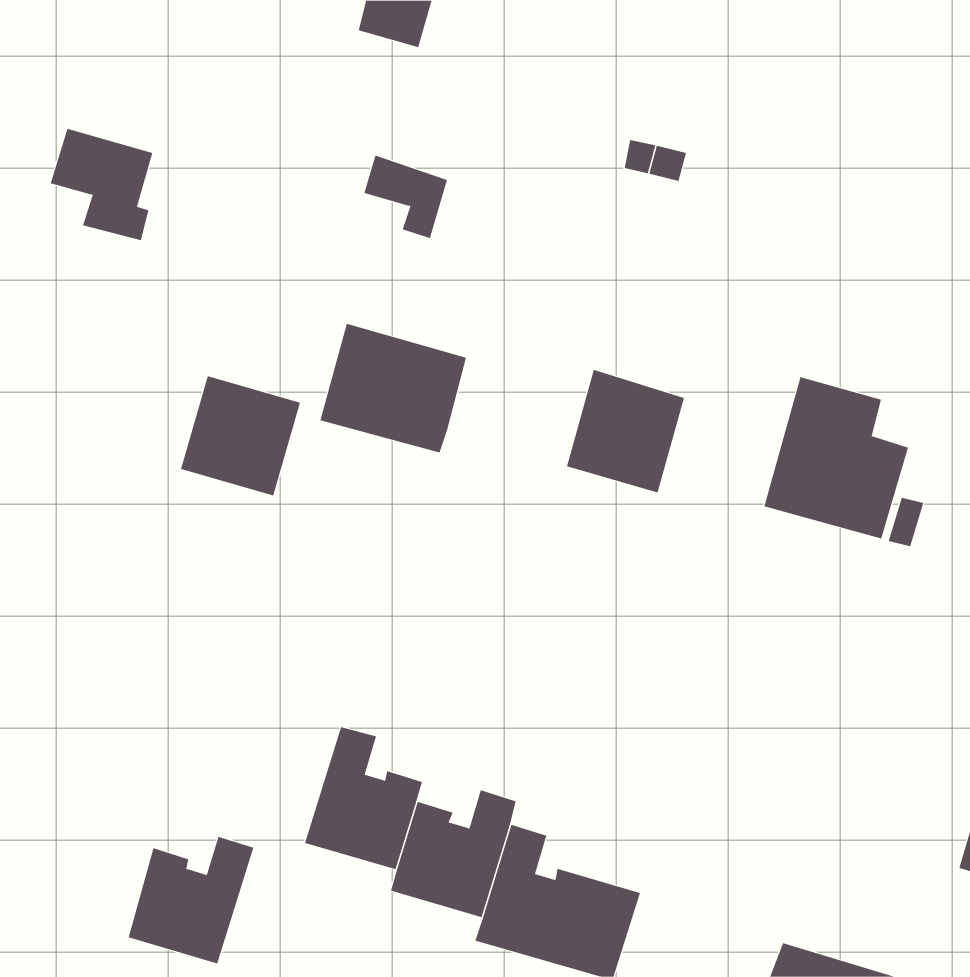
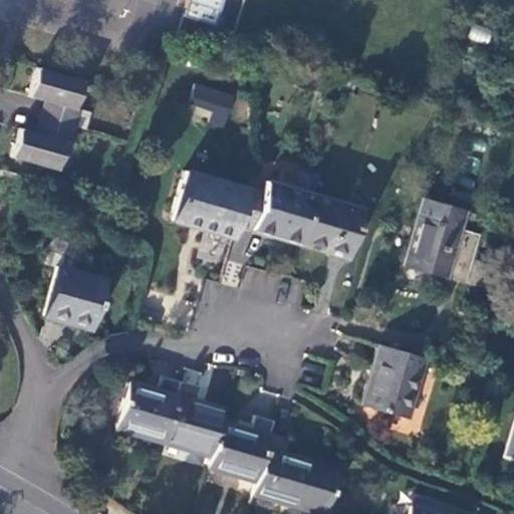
building: none -> [13,118,78,170]
building: none -> [239,170,320,245]
building: [180,376,301,496] -> [43,266,106,329]
building: none -> [362,344,427,419]
building: [128,836,254,964] -> [116,375,183,443]

